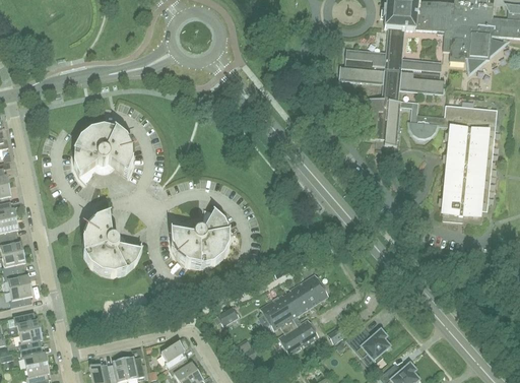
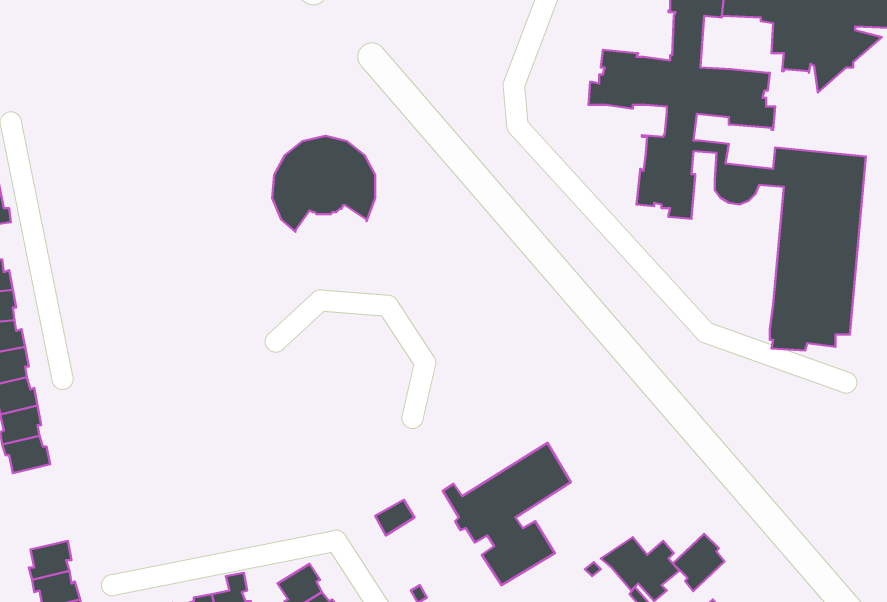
building: [73,128,132,183] -> [272,136,375,232]
building: [170,209,230,268] -> none
building: [82,215,142,275] -> none
building: [9,284,32,307] -> none
building: [8,312,41,333] -> none
building: none -> [673,534,724,591]

